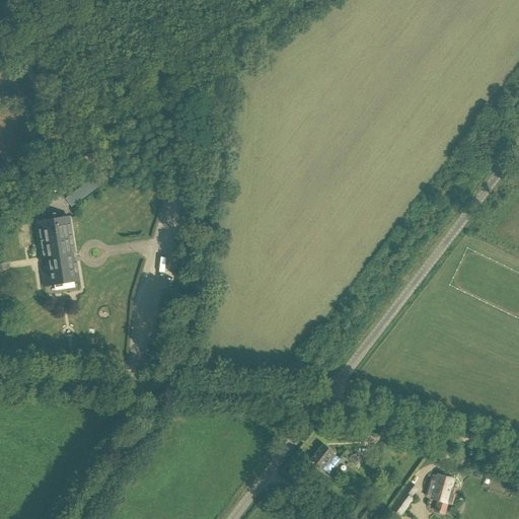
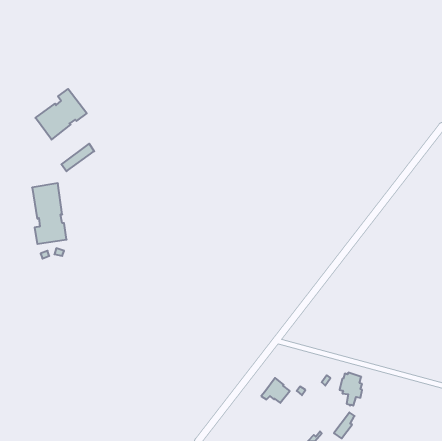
building: none -> [35,89,87,140]
building: [428,473,454,512] -> [340,373,362,406]

